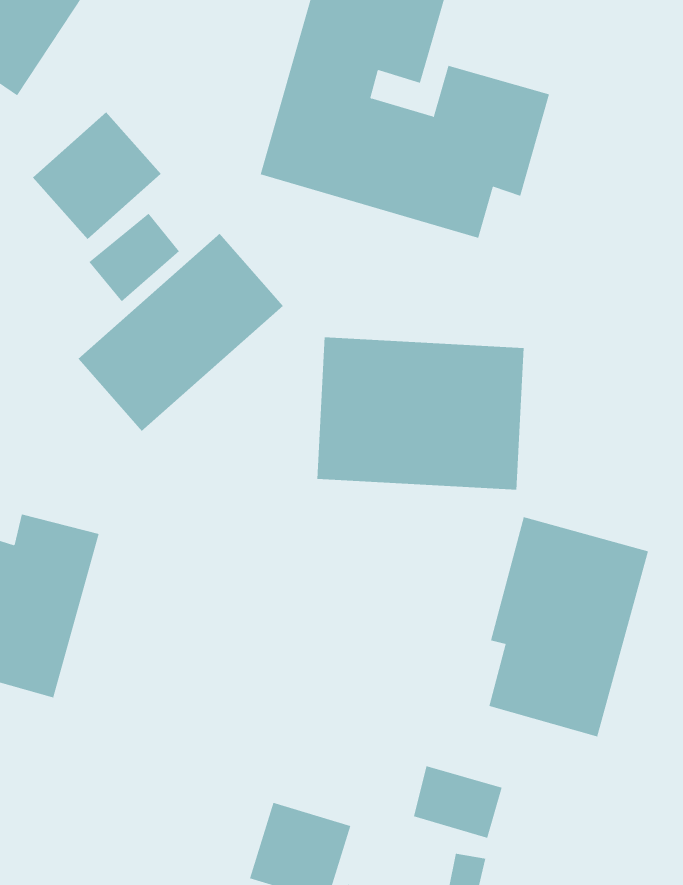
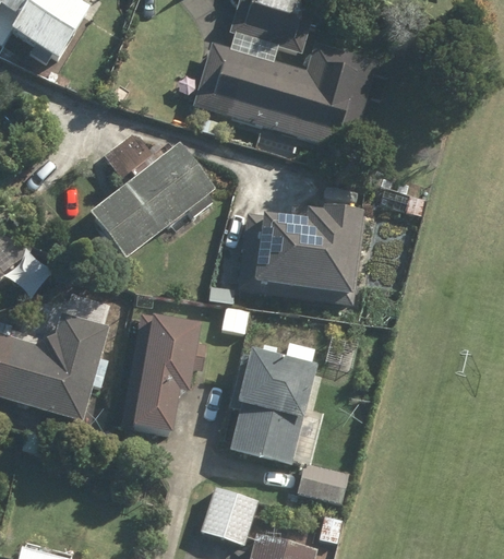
building: [32,111,161,240] -> none
building: [488,517,649,737] -> [227,333,323,465]
building: none -> [120,314,203,436]

